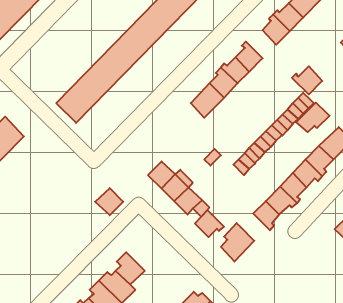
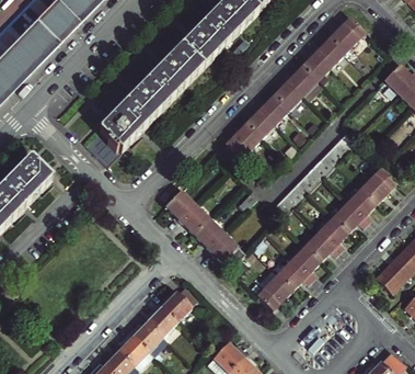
building: [292,66,322,94] -> [284,67,315,97]
building: [296,103,330,132] -> none
building: [95,188,123,215] -> [165,191,195,219]
building: [195,210,224,237] -> [278,260,309,288]
building: none -> [158,286,197,320]

